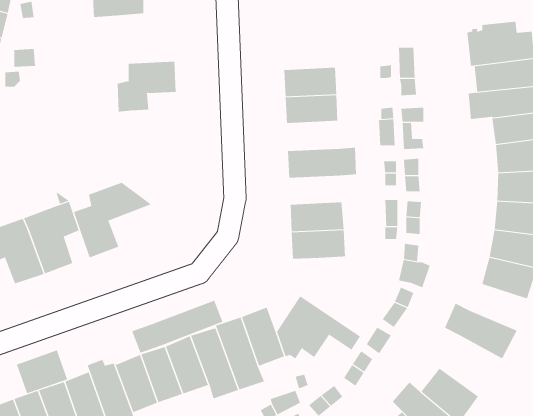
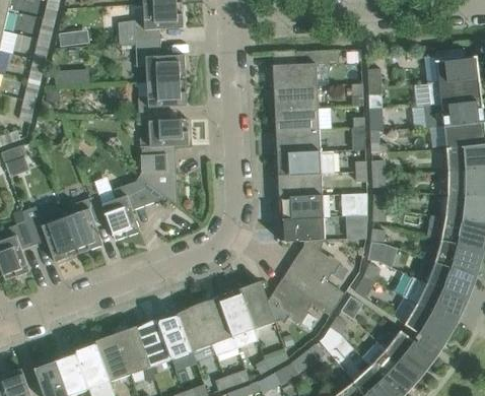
building: none -> [135,42,186,82]
building: none -> [273,50,339,87]
building: none -> [140,119,189,205]
building: none -> [276,129,320,153]
building: none -> [278,174,322,197]
building: none -> [287,240,345,305]
building: none -> [426,262,473,300]
building: [132,300,223,353] -> none
building: none -> [405,304,453,346]
building: [16,350,68,394] -> none

